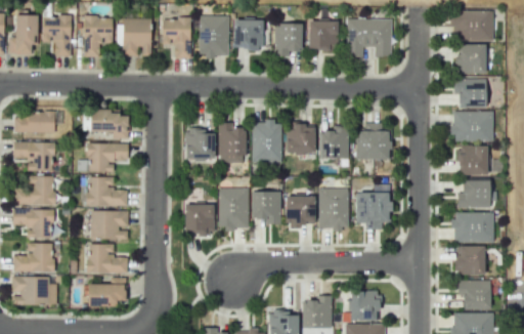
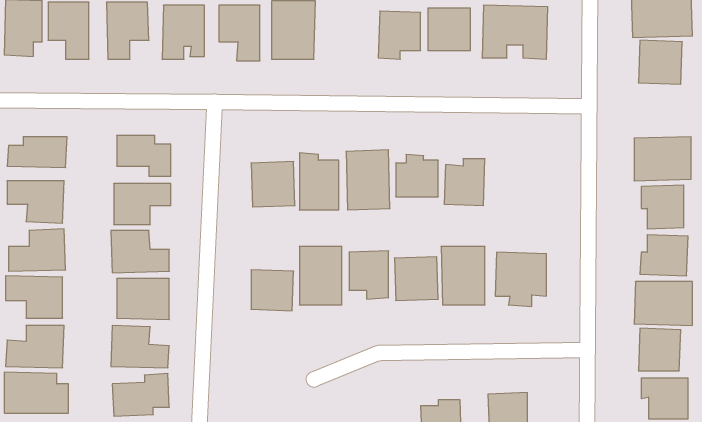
building: [233,19,263,49] -> none
building: [456,79,485,107] -> none
building: [357,122,391,159] -> none

